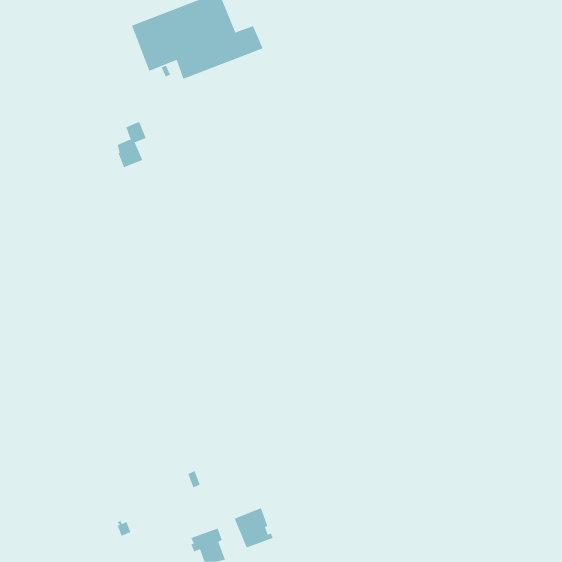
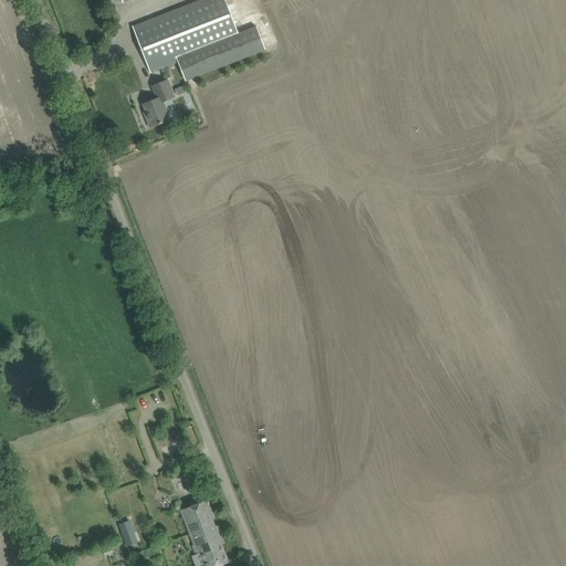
building: [117,122,147,168] -> [143,80,172,126]
building: [234,507,274,548] -> [179,499,219,539]

